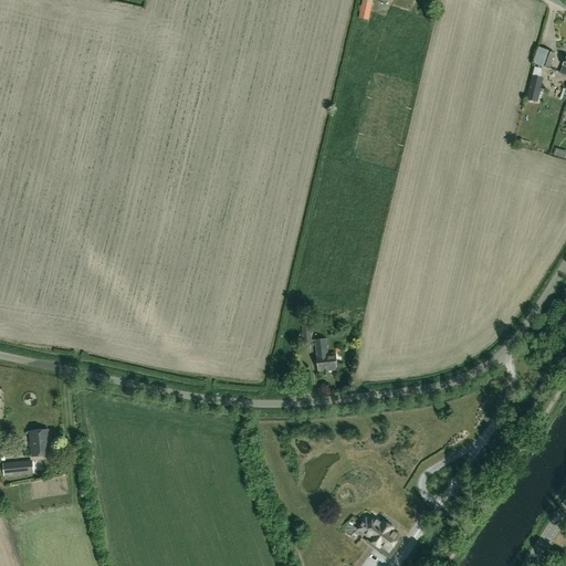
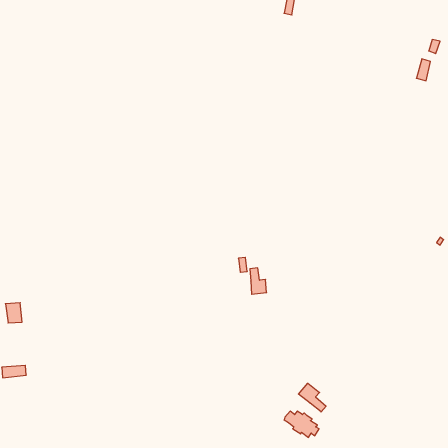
building: [29,429,50,454] -> [5,303,22,323]
building: none -> [298,383,326,412]

